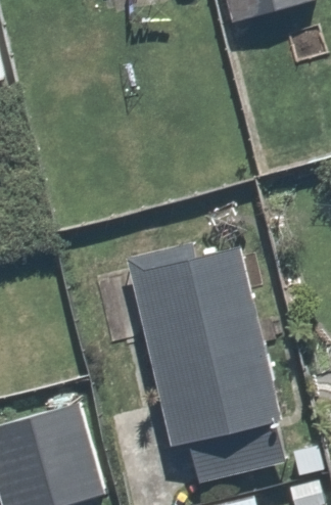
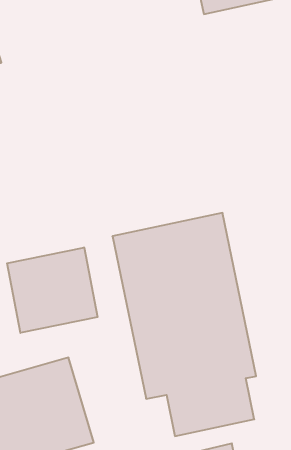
building: none -> [7,247,98,333]

